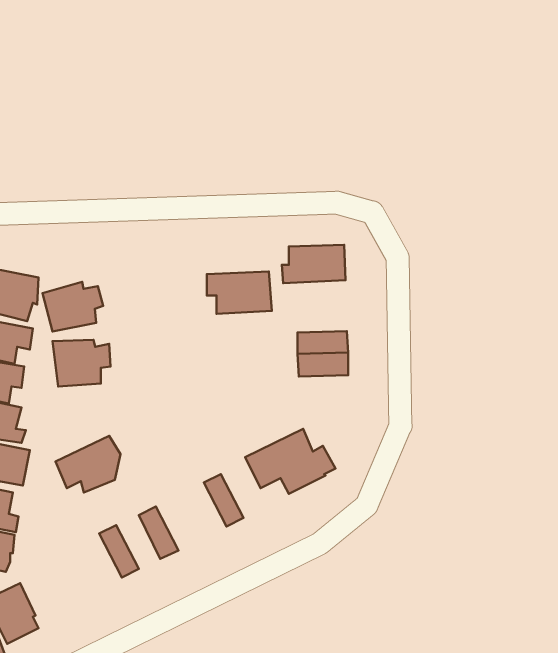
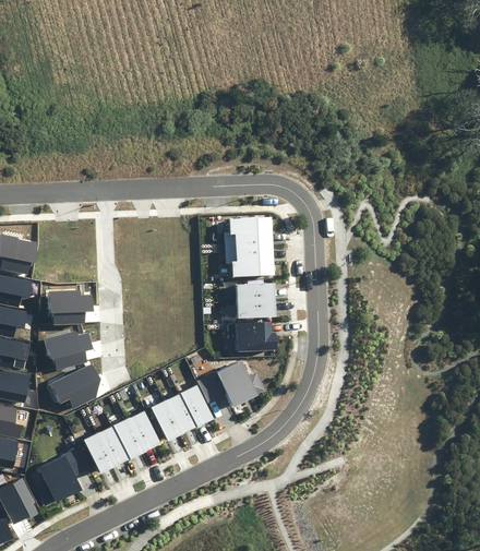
building: [207,271,272,314] -> [225,243,275,276]
building: [42,282,103,331] -> [45,330,92,368]
building: none -> [227,320,276,350]
building: none -> [179,384,214,427]
building: none -> [149,399,181,441]
building: none -> [127,409,160,452]
building: none -> [96,424,128,466]
building: none -> [36,446,87,504]

